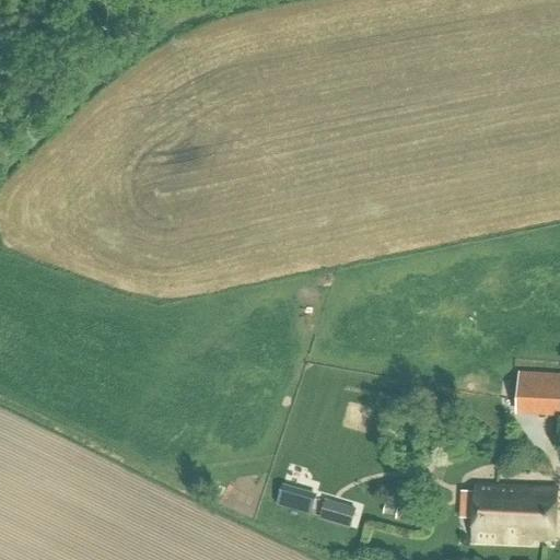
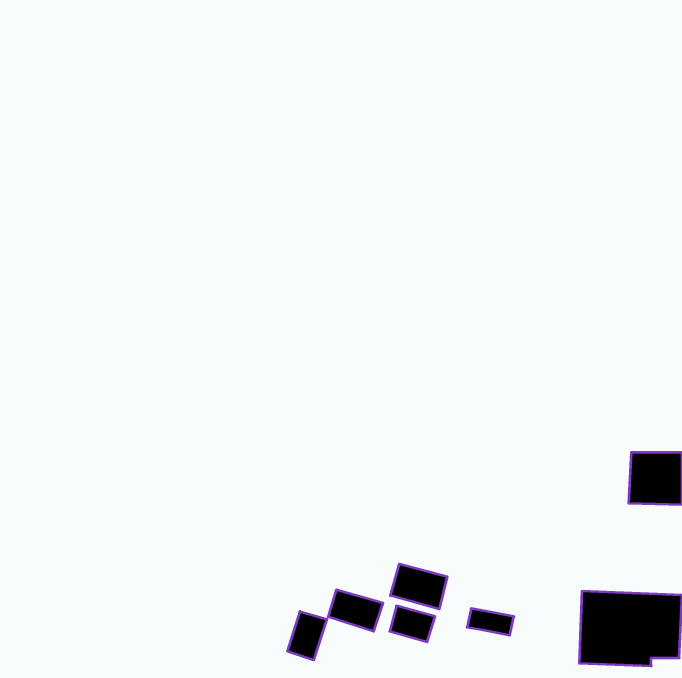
building: none -> [390,564,447,609]
building: none -> [288,611,327,660]

